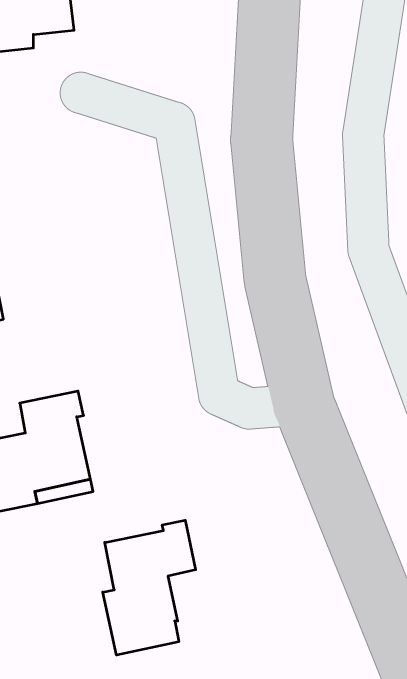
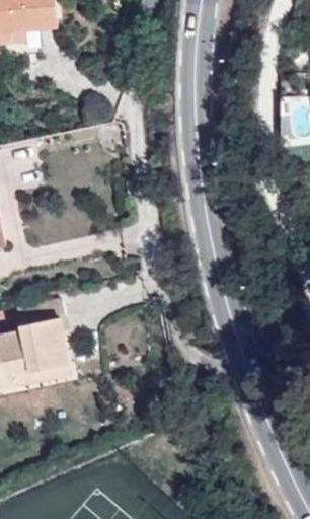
building: [103,520,196,655] -> none

